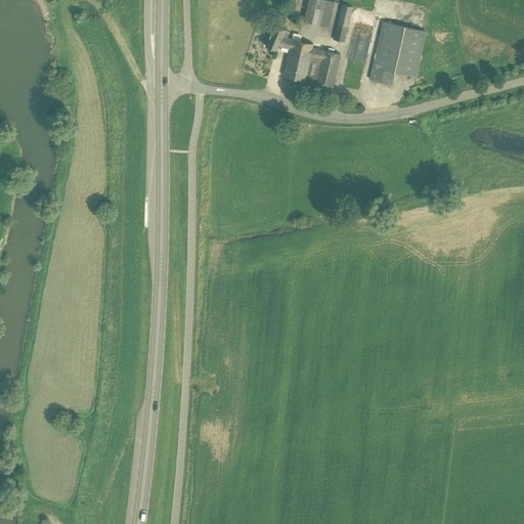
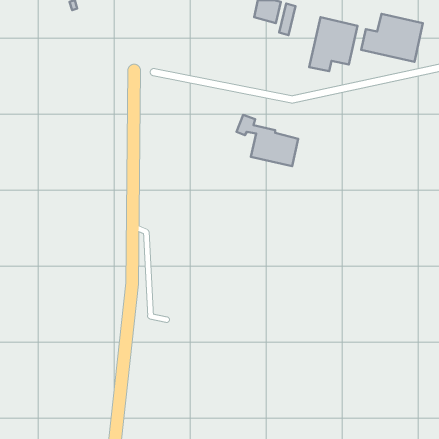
building: none -> [361,14,423,62]
building: [266,26,340,87] -> [236,115,298,166]

